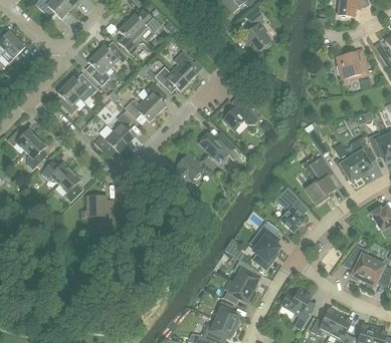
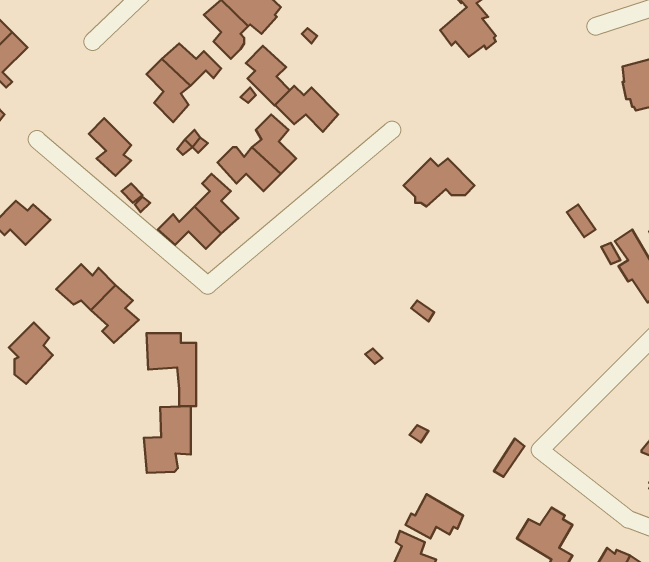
building: [173,50,196,81] -> [246,46,290,105]
building: [65,74,97,100] -> none
building: [199,131,234,161] -> none
building: [24,136,47,168] -> [9,323,53,384]
building: [171,153,201,184] -> none
building: [301,154,336,205] -> none
building: [276,187,306,231] -> none
building: [253,219,279,268] -> none
building: none -> [144,406,191,473]
building: [233,258,258,291] -> none

